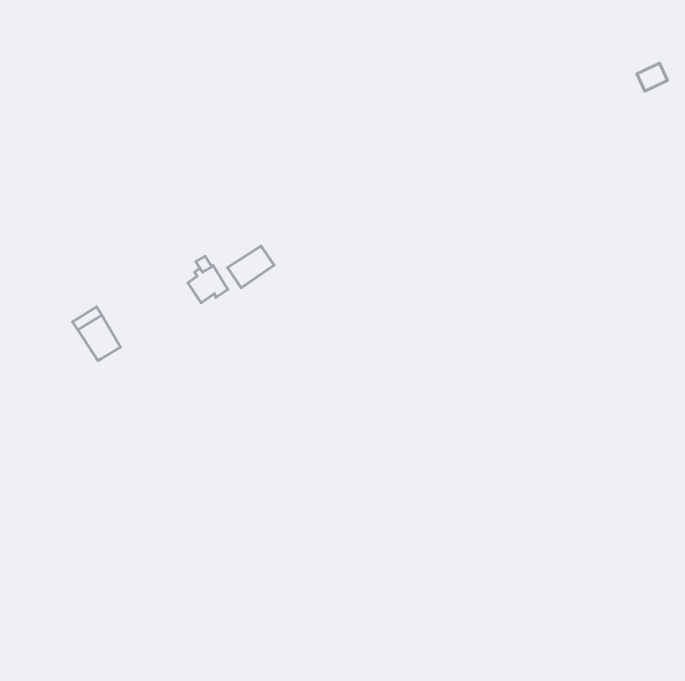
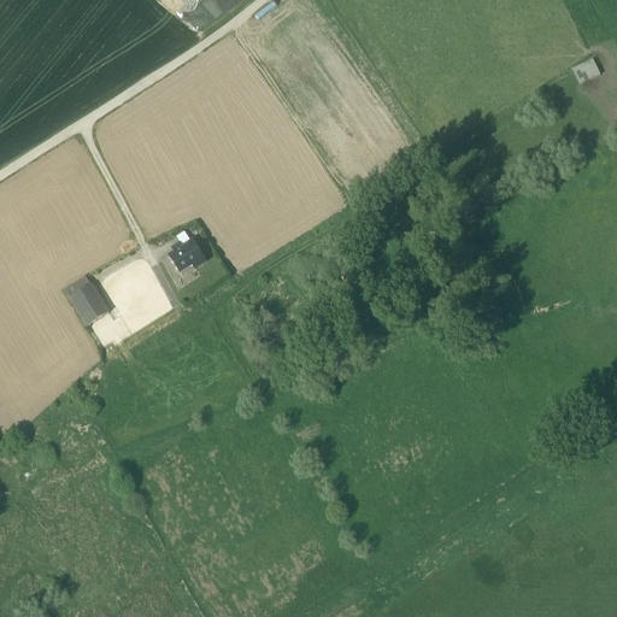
building: [227,246,274,288] -> none

